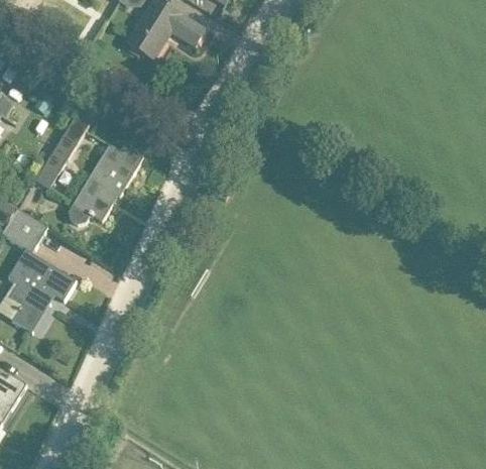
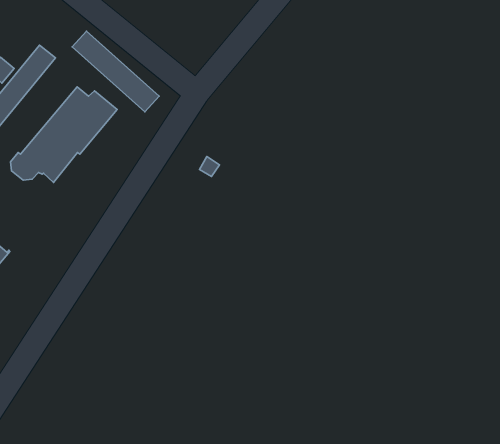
building: none -> [72,31,159,112]

